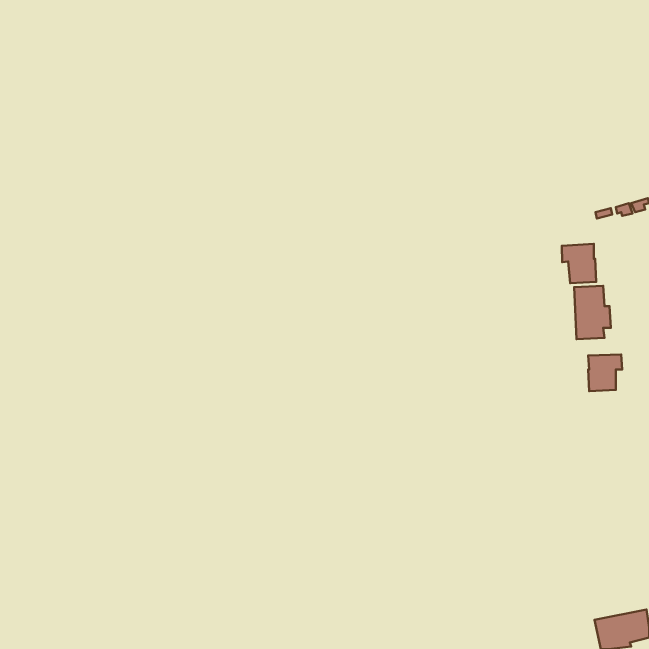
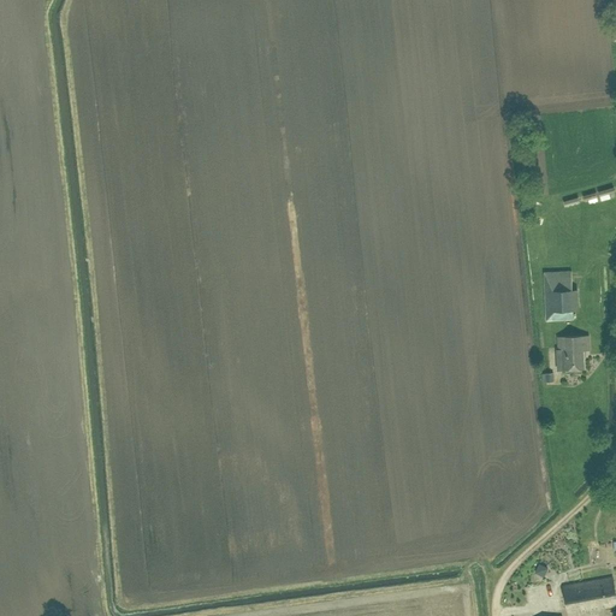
building: [562,244,596,283] -> none

